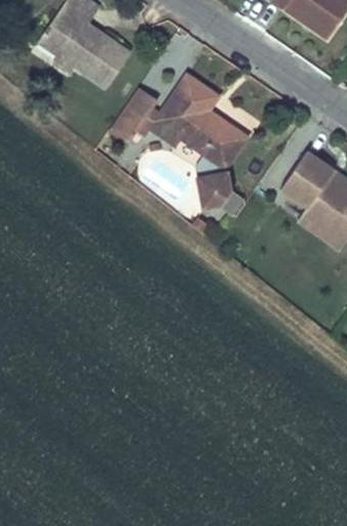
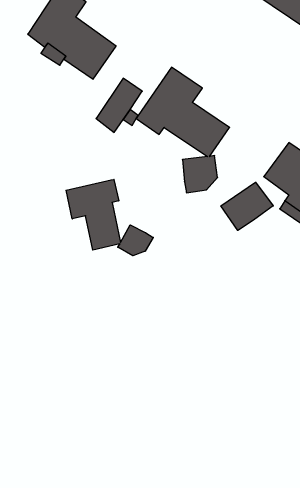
building: none -> [66,179,153,256]
building: none -> [221,182,273,230]

